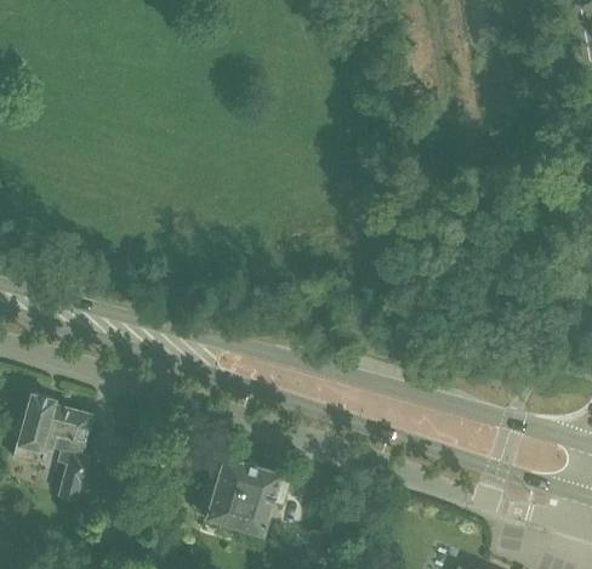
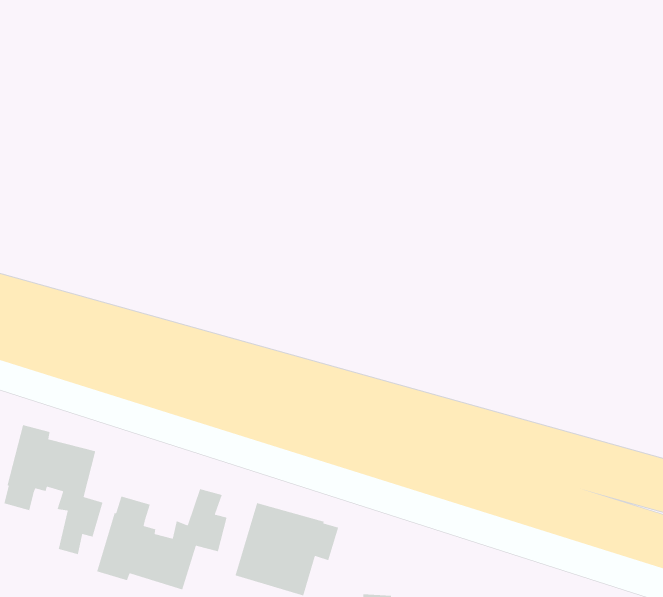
building: none -> [96,488,228,591]

